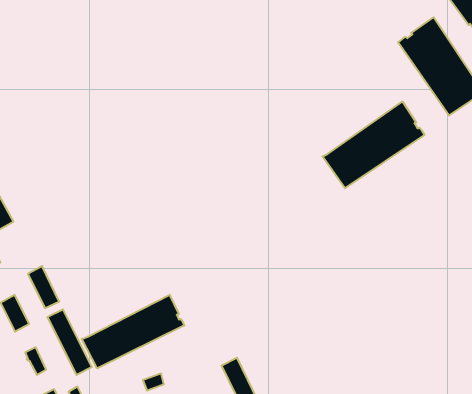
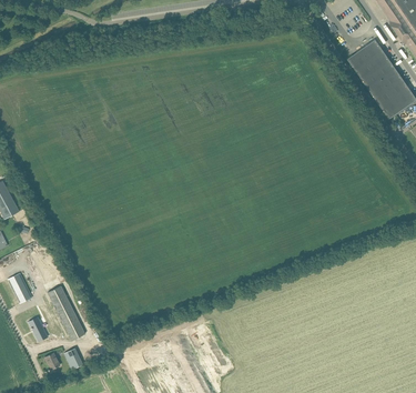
building: [322,102,424,188] -> none
building: [82,295,184,368] -> none

